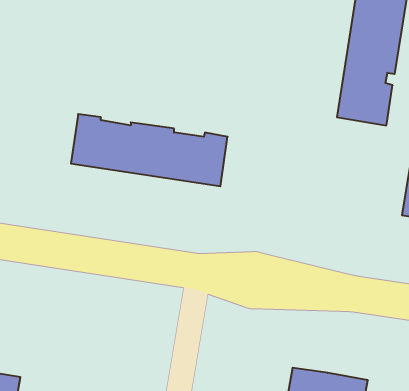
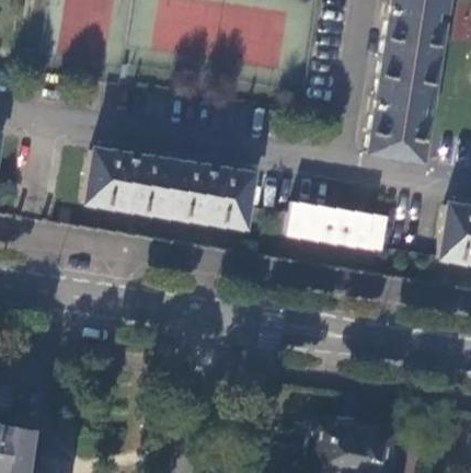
building: none -> [287,204,389,253]

